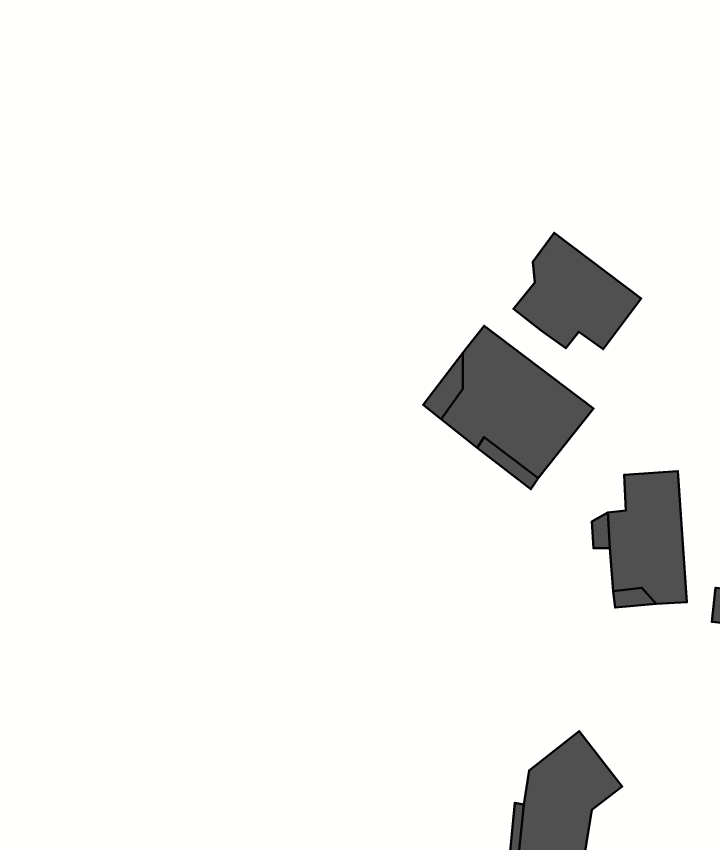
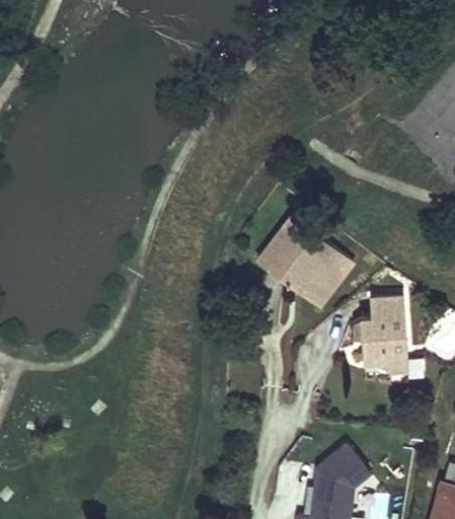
building: [513,233,641,349] -> none

